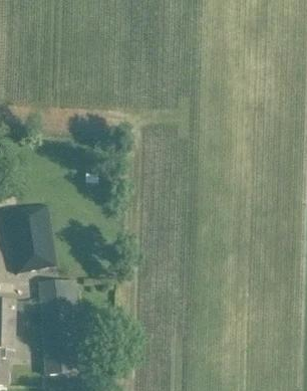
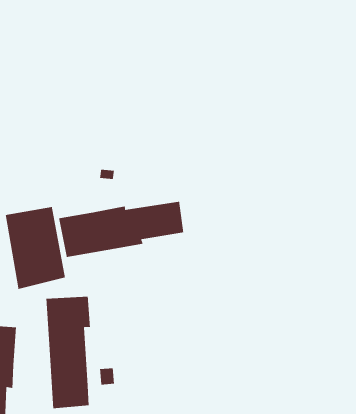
building: none -> [58,201,184,258]

